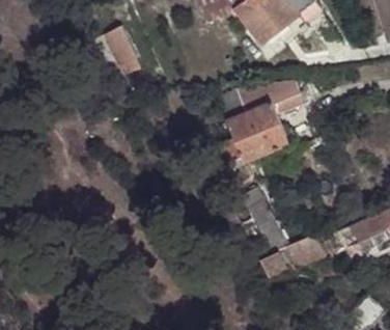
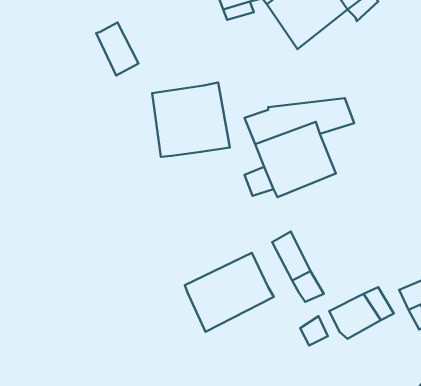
building: none -> [152,82,230,157]
building: none -> [185,253,274,332]

